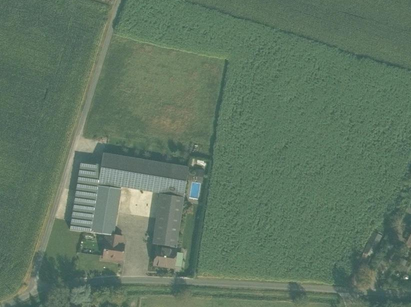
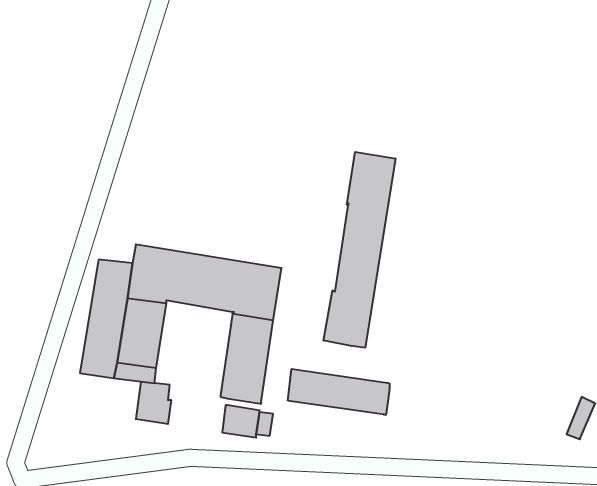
building: none -> [324,152,395,348]
building: none -> [288,369,389,415]

